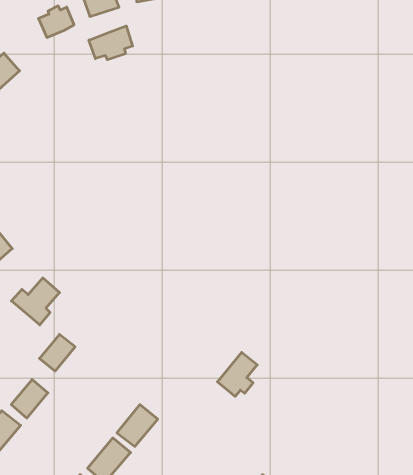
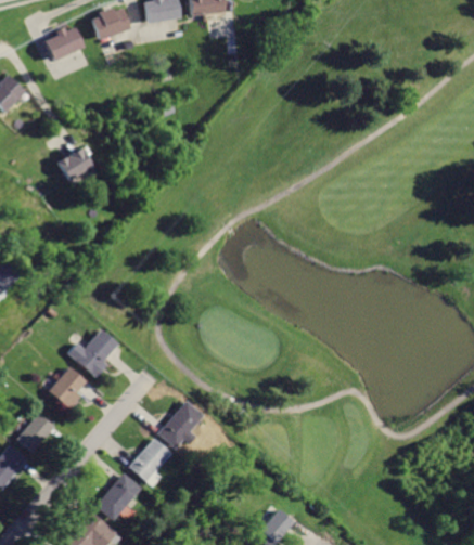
building: [89,26,133,60] -> none
building: none -> [57,146,93,180]
building: [11,278,60,325] -> [67,329,117,378]
building: [217,352,257,396] -> [159,402,201,447]

